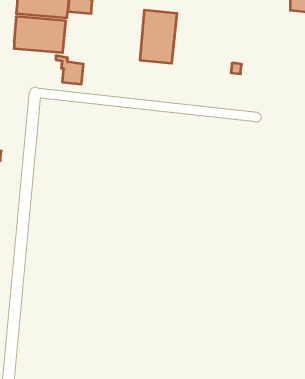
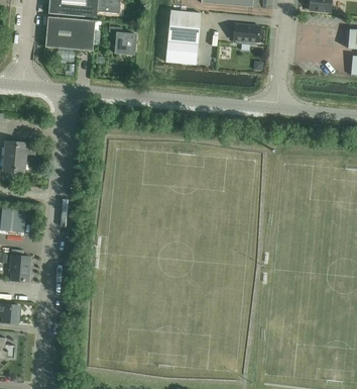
building: none -> [232,23,259,41]
building: [56,56,83,84] -> [109,26,135,54]

